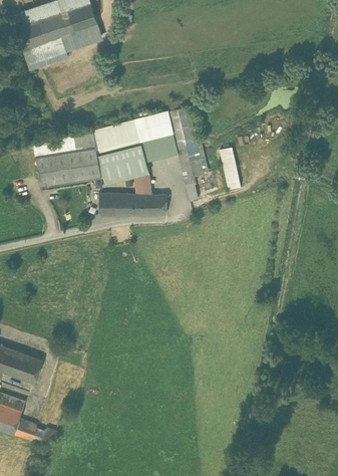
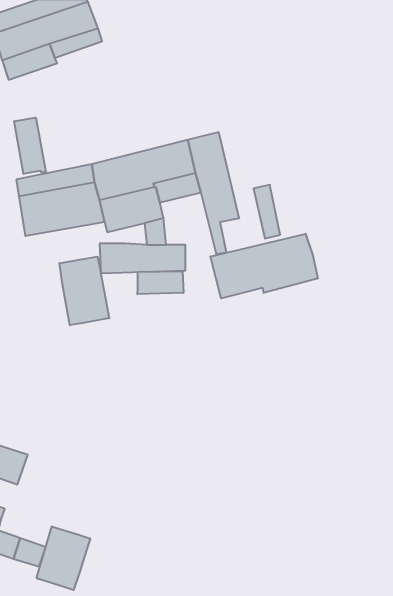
building: none -> [14,118,46,174]
building: none -> [210,234,318,298]
building: none -> [59,257,109,325]
building: none -> [137,271,183,294]
building: none -> [37,526,90,590]

